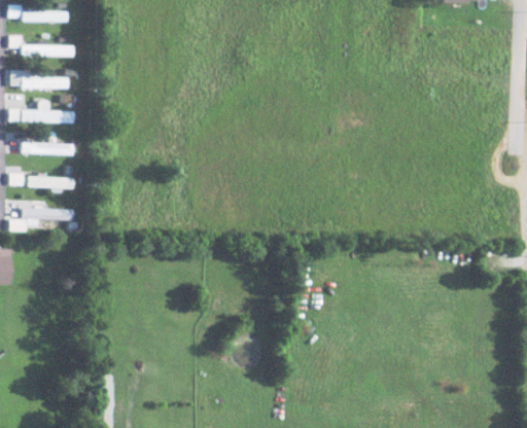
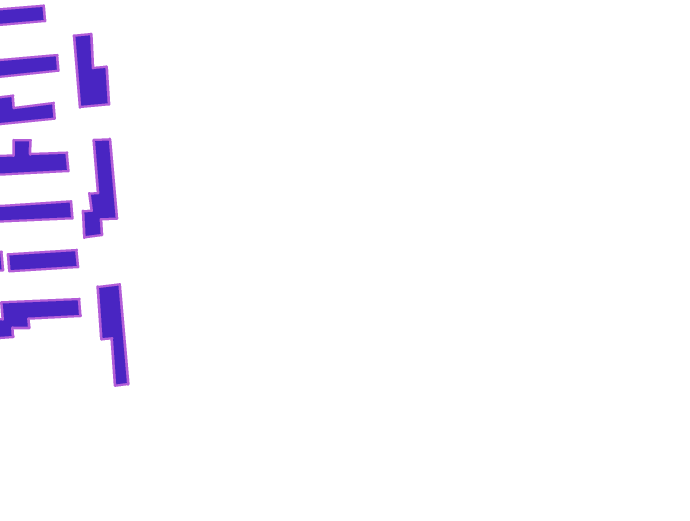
building: none -> [74,34,109,107]
building: none -> [83,139,117,238]
building: none -> [98,284,128,386]

